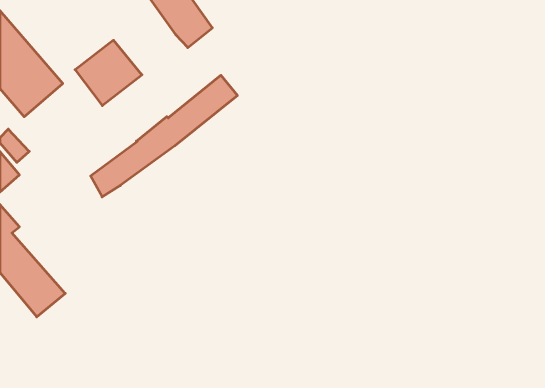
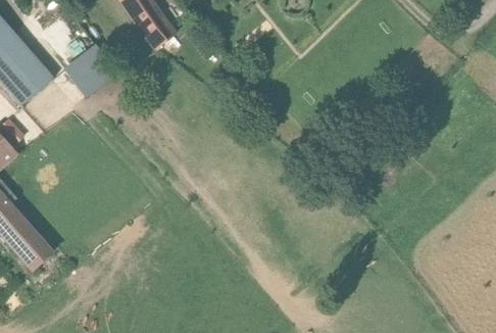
building: [91,75,237,197] -> none

